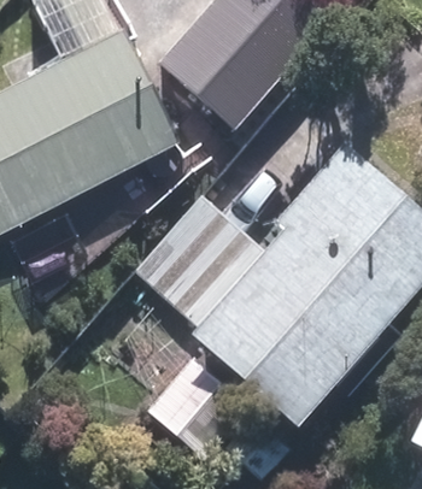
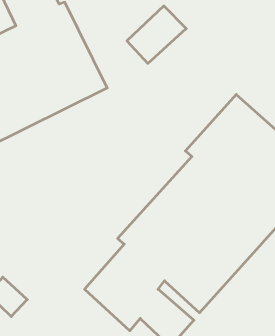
building: [136,185,263,314] -> none

